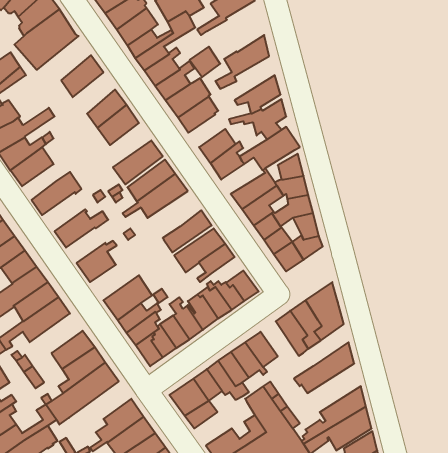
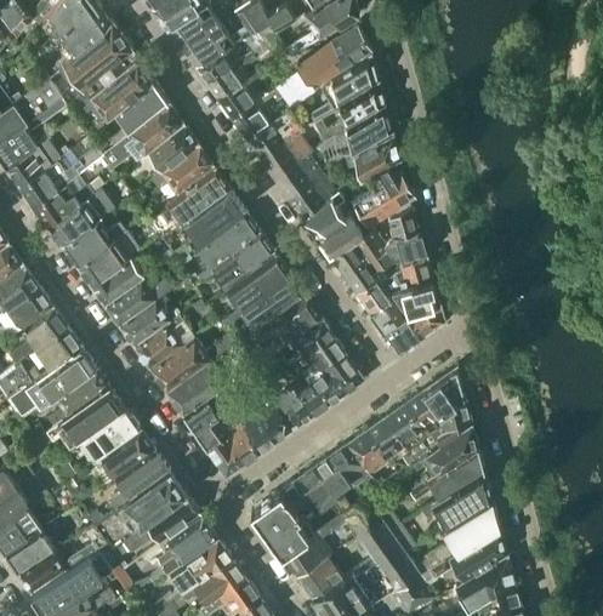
building: none -> [306,25,370,80]
building: none -> [81,56,149,121]
building: none -> [317,81,382,142]
building: none -> [101,102,180,167]
building: none -> [273,155,319,196]
building: none -> [166,170,226,222]
building: none -> [62,210,123,263]
building: none -> [314,210,370,256]
building: none -> [87,253,142,303]
building: none -> [217,256,289,329]
building: none -> [118,298,167,343]
building: none -> [148,335,234,390]
building: none -> [291,336,342,371]
building: none -> [78,409,138,463]
building: none -> [364,417,413,464]
building: none -> [419,421,476,474]
building: none -> [423,470,490,529]
building: none -> [121,494,199,552]
building: none -> [280,512,347,575]

